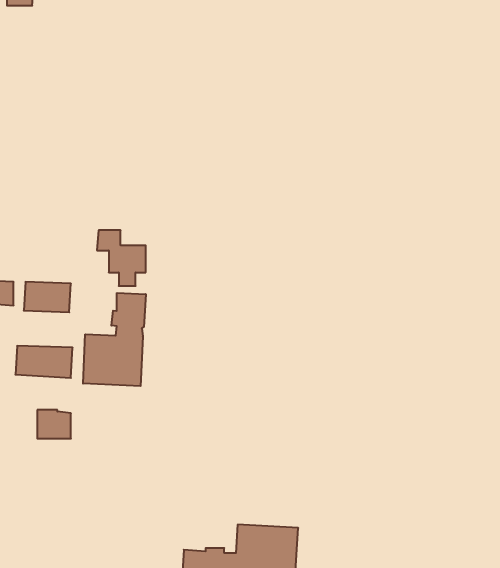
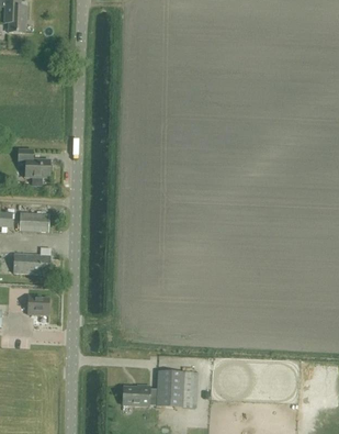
building: [97,230,146,286] -> [18,149,49,186]
building: [83,293,146,386] -> none

